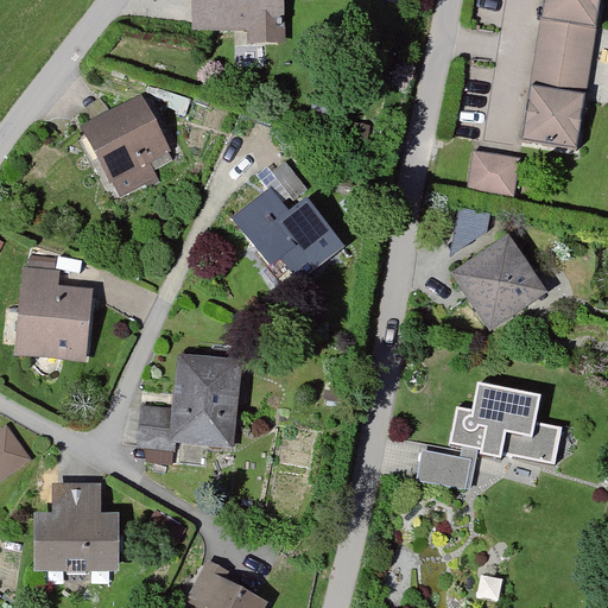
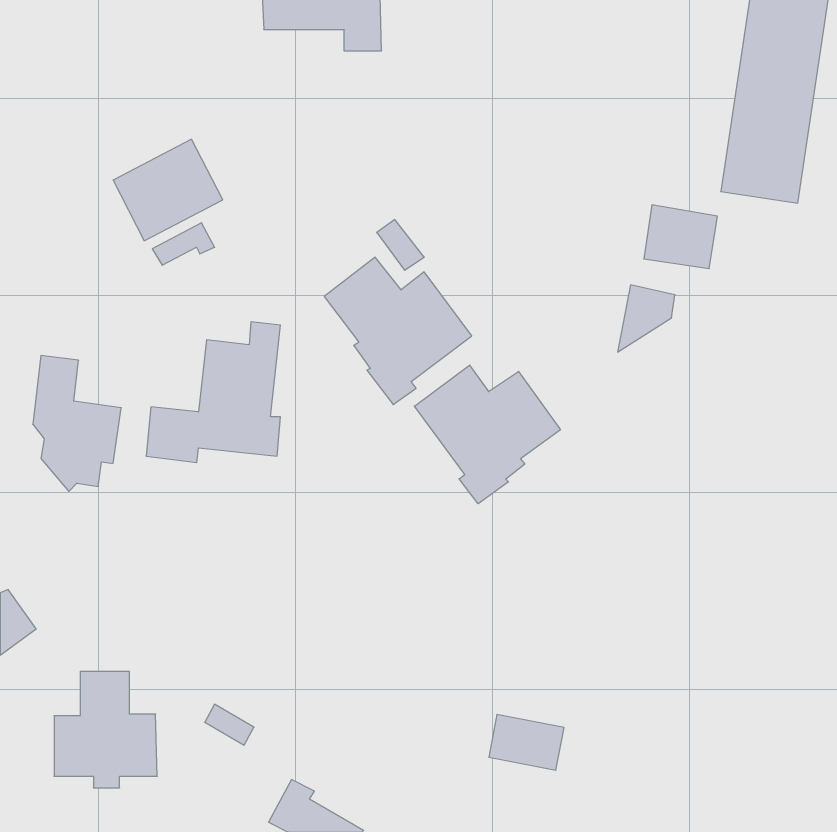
building: [455,242,543,325] -> none
building: none -> [414,365,560,504]
building: [140,344,238,446] -> [146,322,280,463]
building: [449,382,562,463] -> none
building: [417,448,471,488] -> [489,714,564,770]

